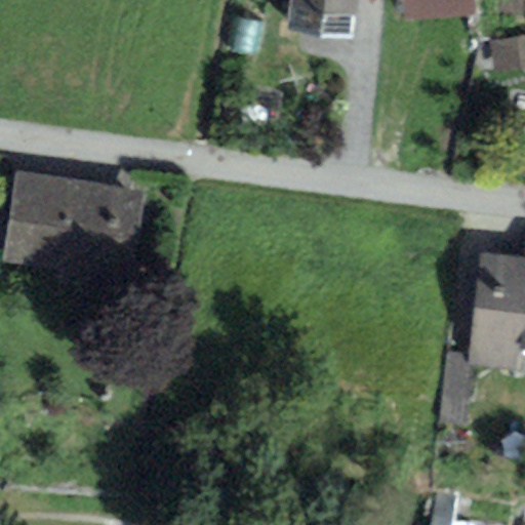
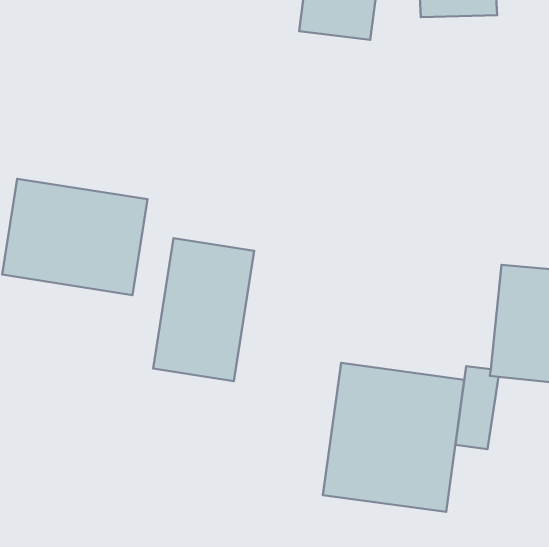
building: none -> [153,238,254,381]
building: none -> [323,363,464,512]

